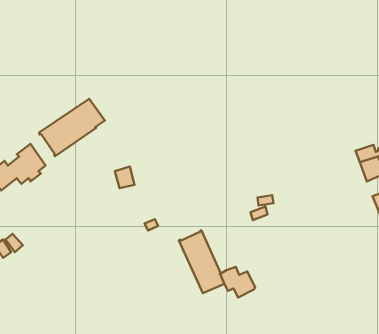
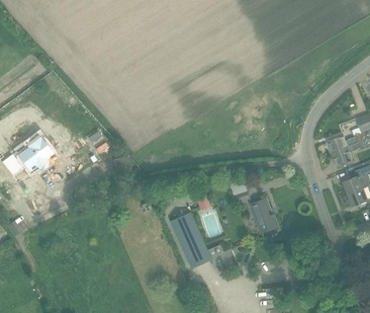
building: [39,99,105,156] -> none
building: none -> [251,199,276,232]

